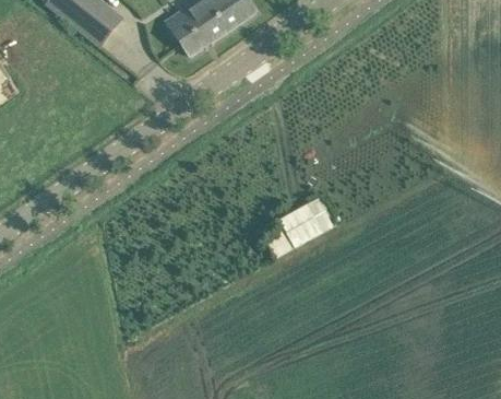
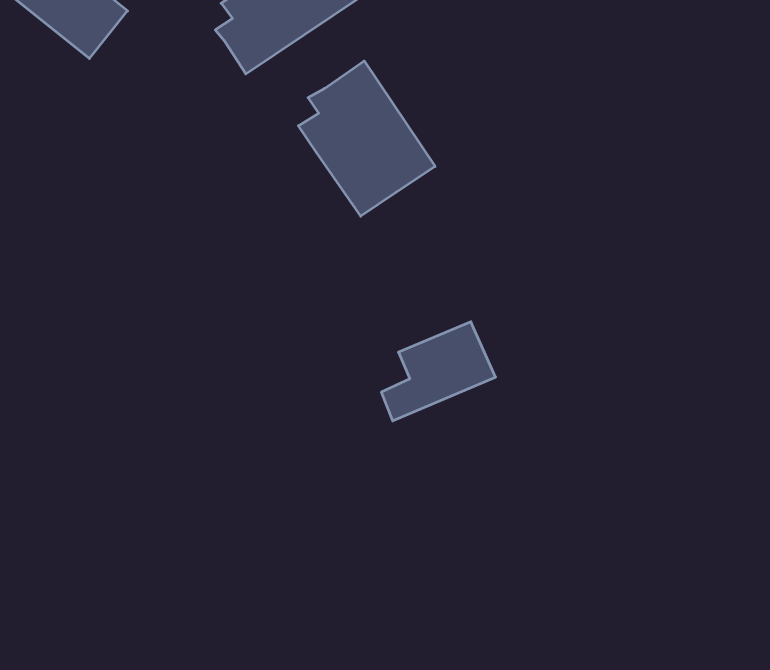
building: none -> [298,61,435,216]

